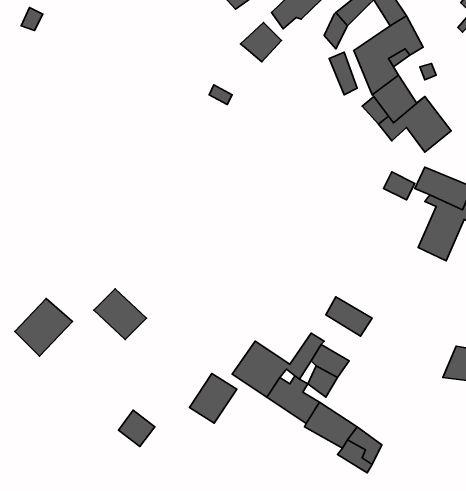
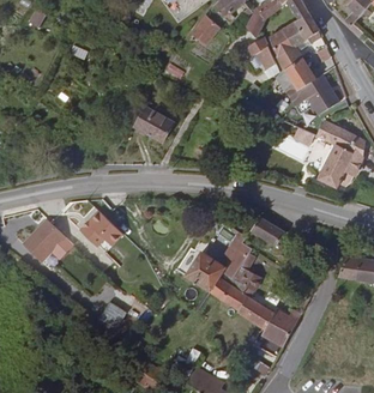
building: none -> [135,105,175,140]
building: [189,374,237,423] -> none

